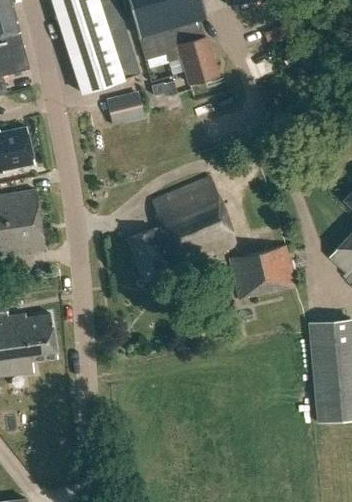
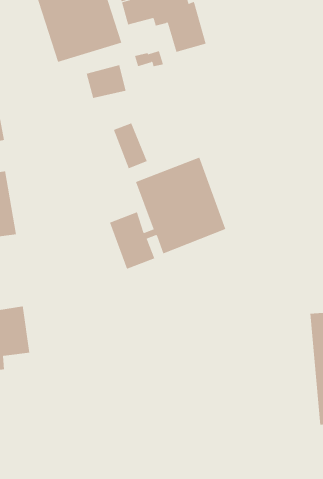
building: none -> [113,123,147,169]
building: [229,244,294,299] -> none

